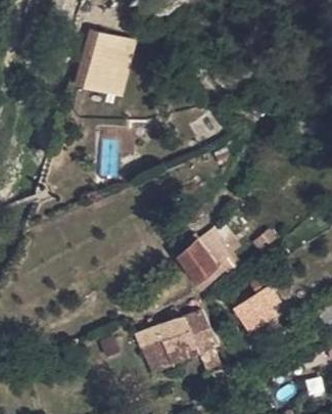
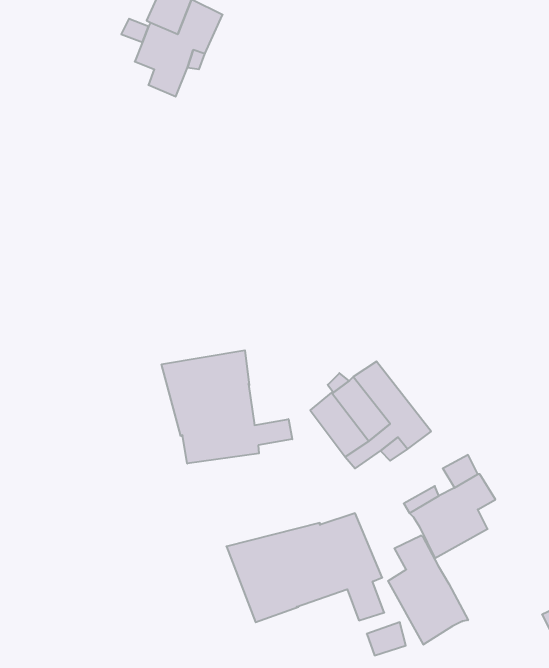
building: none -> [162,350,292,464]
building: none -> [388,535,468,645]

